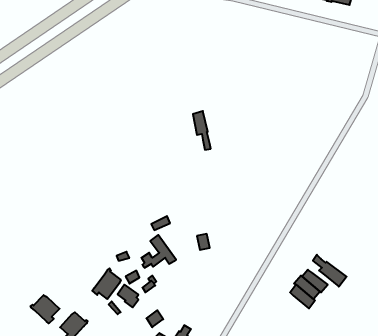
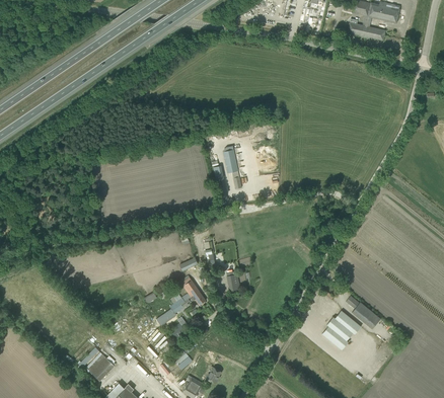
building: [92,268,121,299] -> none
building: [31,295,60,323] -> none

